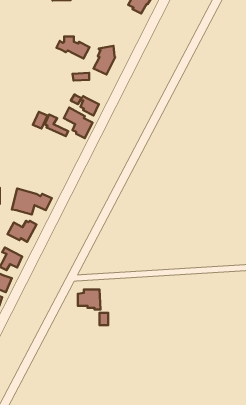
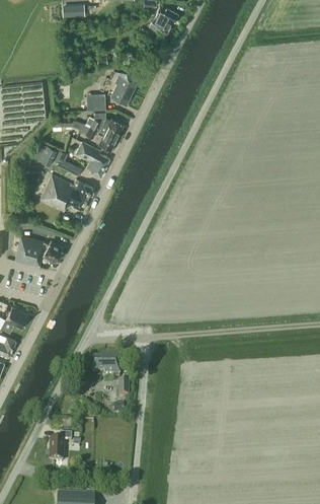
building: [56,37,89,58] -> [85,112,124,137]
building: none -> [39,173,93,211]
building: [8,221,36,242] -> none
building: none -> [50,432,72,460]

